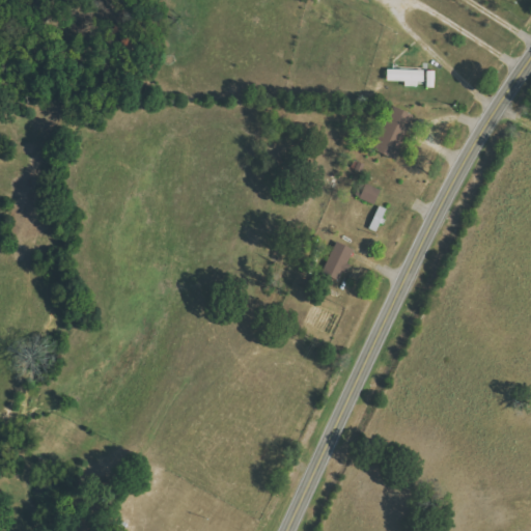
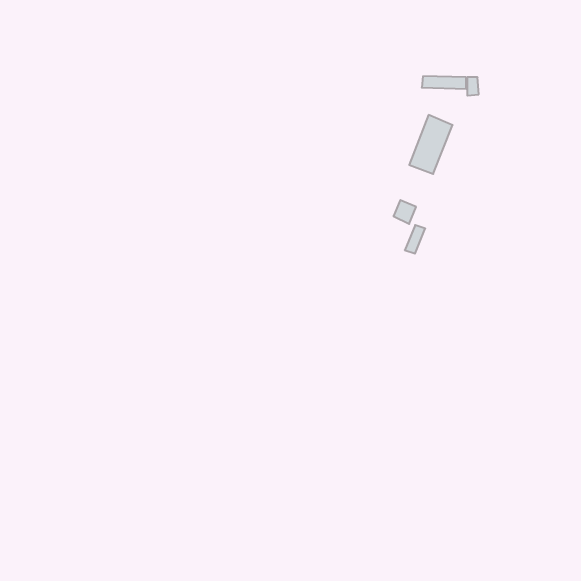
building: [322,241,354,280] -> none

